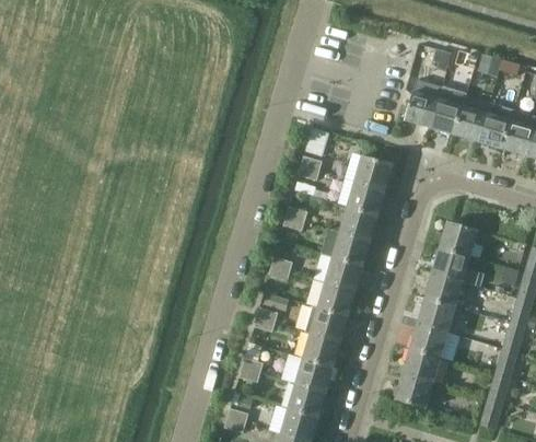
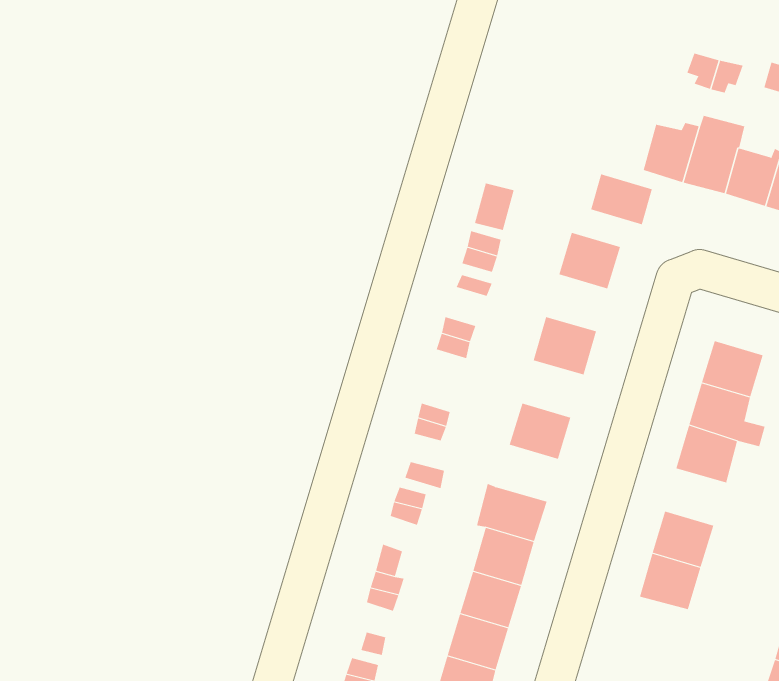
building: none -> [590,174,653,225]
building: [347,182,384,216] -> none
building: [333,233,370,267] -> none
building: [317,283,354,317] -> none
building: [418,298,455,332] -> none
building: [395,374,432,408] -> none

